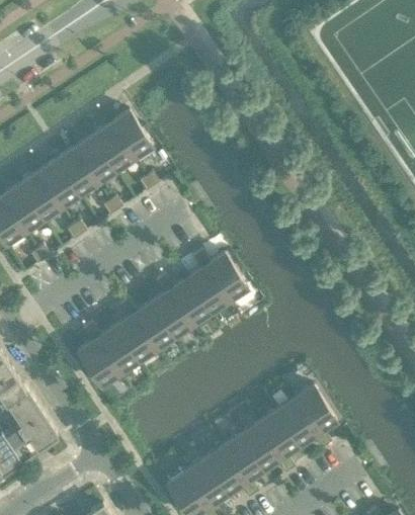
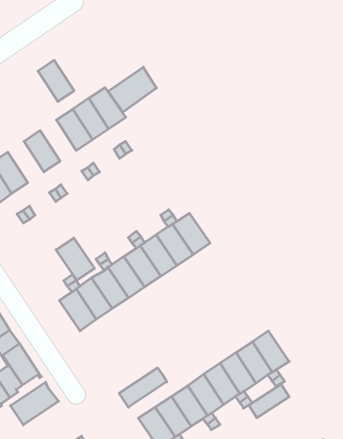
building: none -> [108,67,157,113]
building: [56,149,96,195] -> [38,60,74,102]
building: [19,173,60,220] -> none
building: none -> [56,238,94,280]
building: none -> [119,368,167,407]
building: none -> [10,382,59,425]
building: none -> [249,384,289,418]

